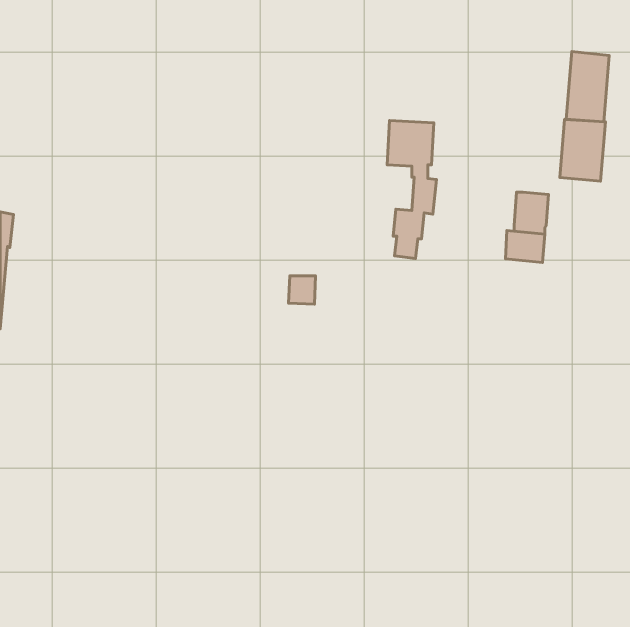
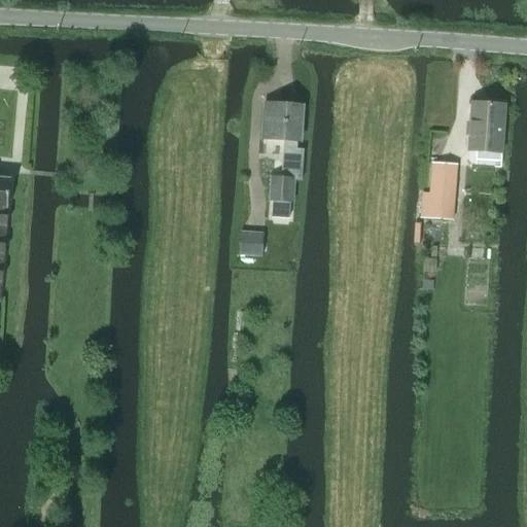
building: [566,51,609,122] -> none
building: [387,120,436,258] -> [264,100,305,215]

